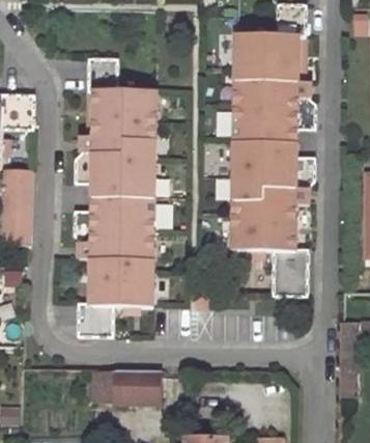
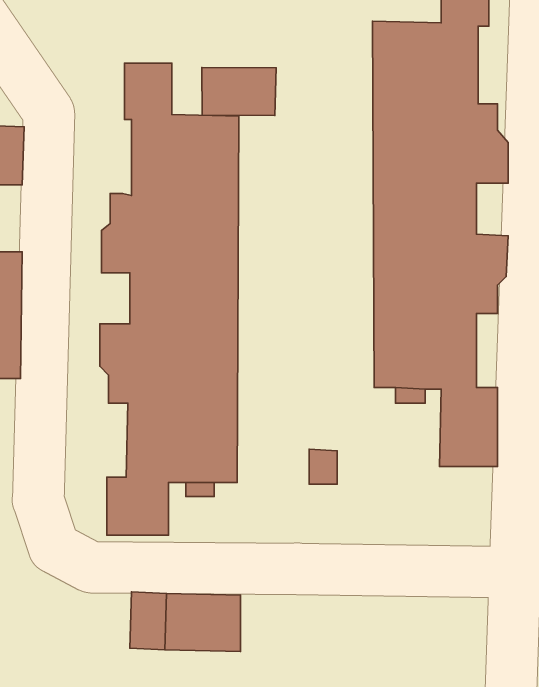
building: none -> [202,68,276,115]

